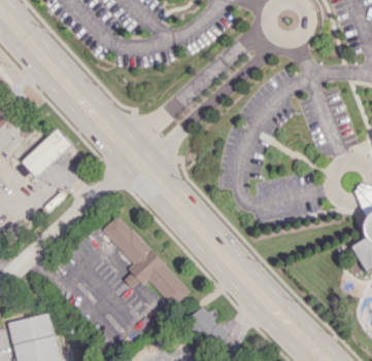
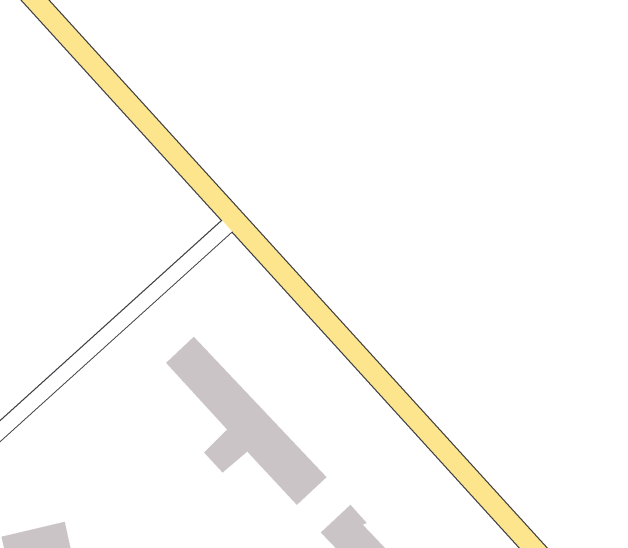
building: [22,129,71,178] -> none

